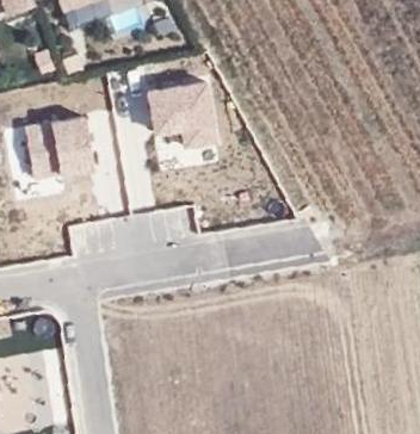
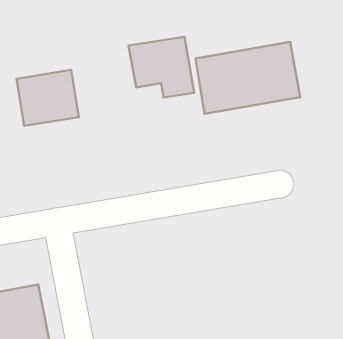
building: none -> [196,42,300,114]

